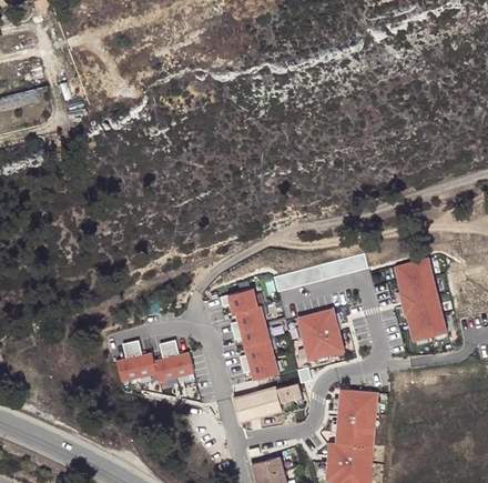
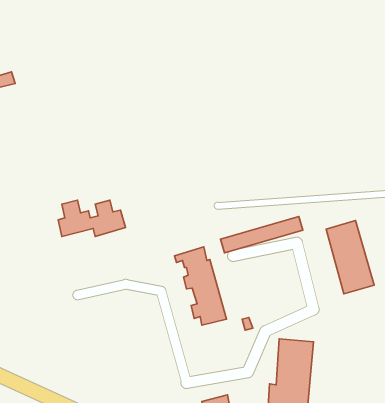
building: [295,306,344,360] -> none
building: [116,341,193,382] -> [58,200,125,236]
building: [234,381,294,422] -> none

